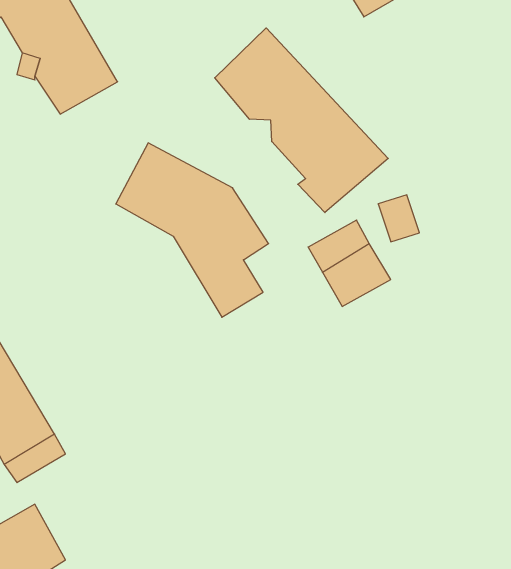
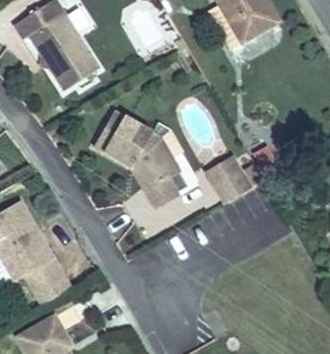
building: [215,28,388,213] -> none

